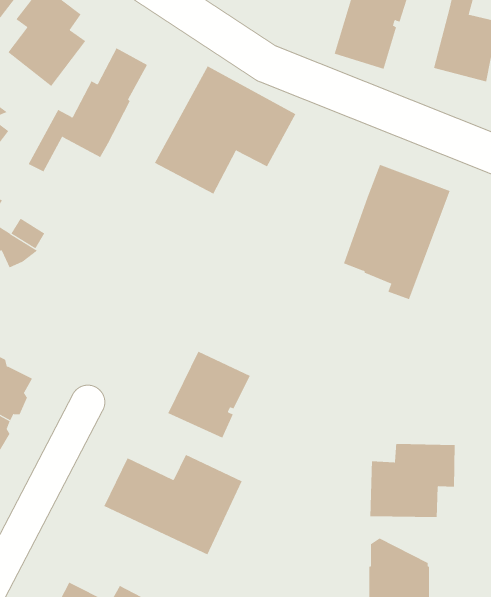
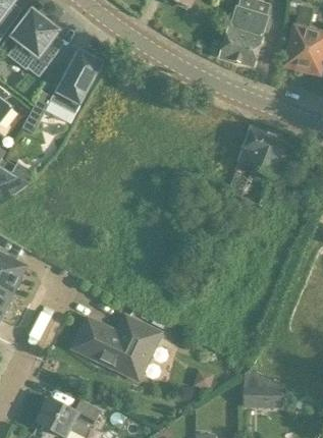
building: [154,65,296,195] -> none
building: [167,351,251,438] -> none
building: [370,443,455,518] -> none

